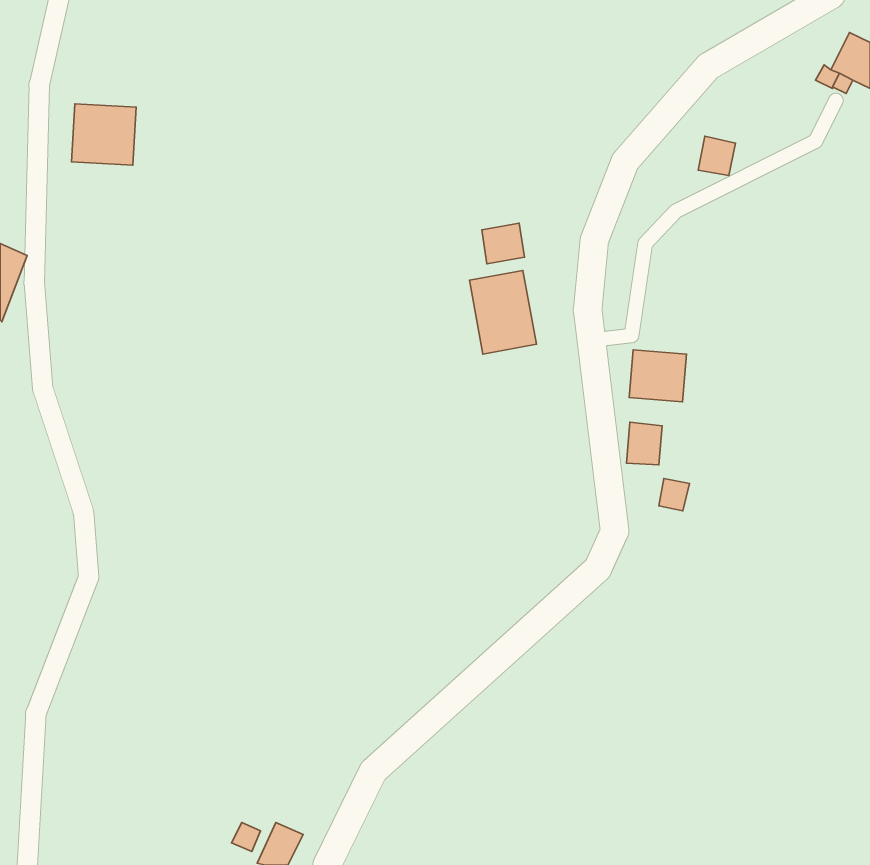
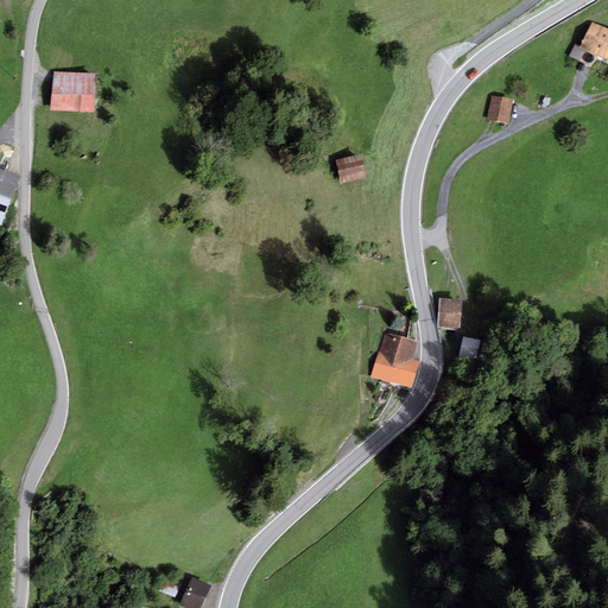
building: [469,271,536,354] -> none
building: [629,350,686,402] -> none
building: none -> [370,330,420,384]

